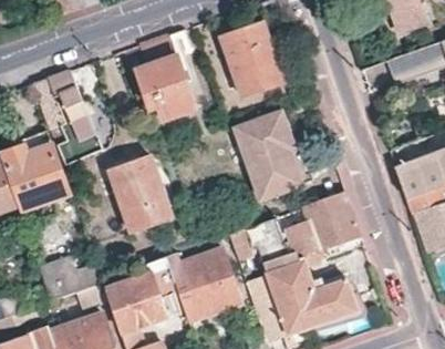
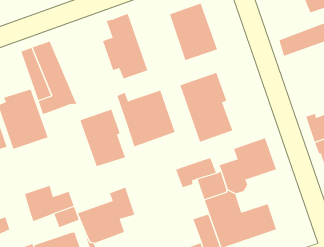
building: [167,248,242,321] -> [116,90,175,147]

